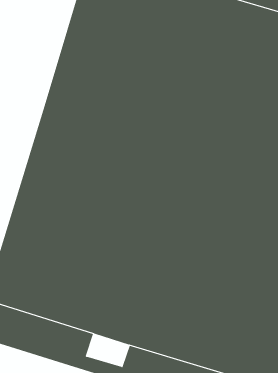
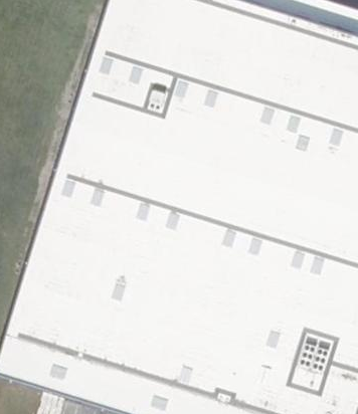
building: none -> [118,371,164,406]

